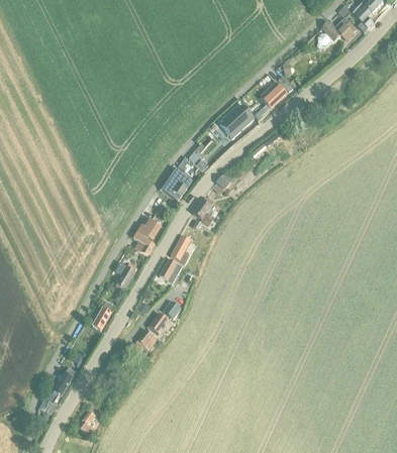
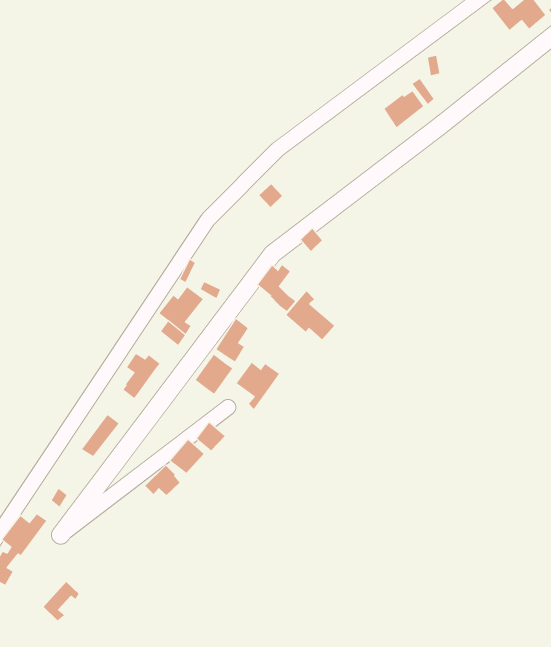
building: [219,104,254,137] -> none
building: [162,167,192,199] -> none
building: none -> [285,291,335,340]
building: none -> [236,362,280,410]

